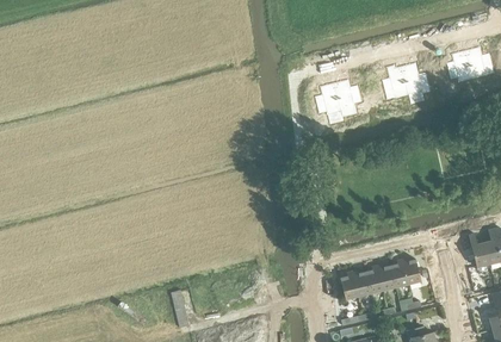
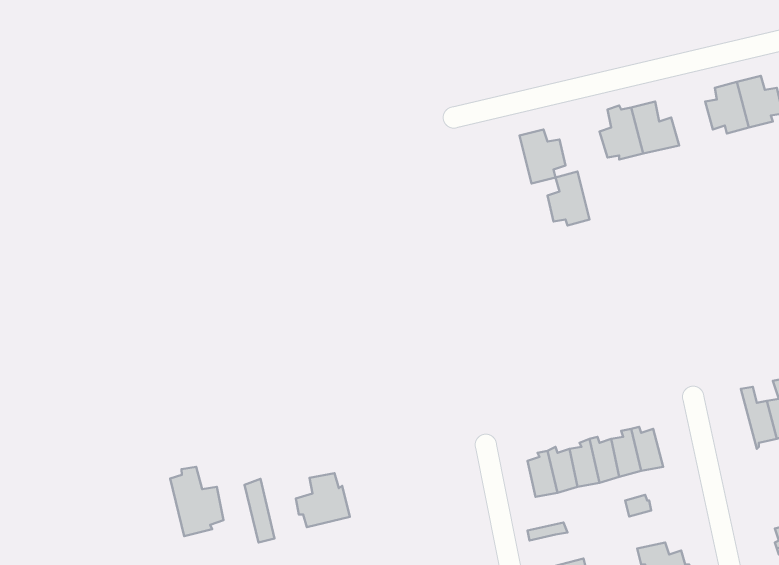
building: [317,83,342,116] -> [548,171,589,225]
building: none -> [170,467,223,536]
building: none -> [296,473,350,527]

